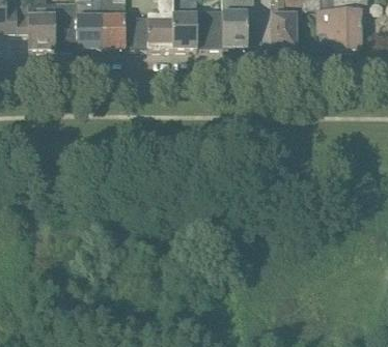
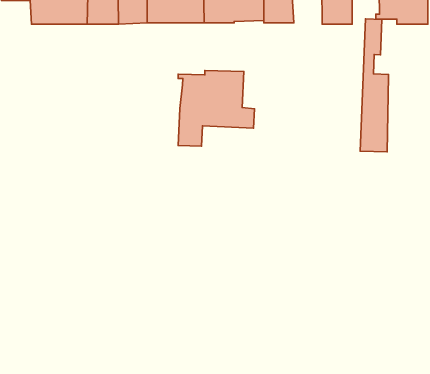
building: none -> [360,19,389,152]
building: none -> [178,71,254,146]

